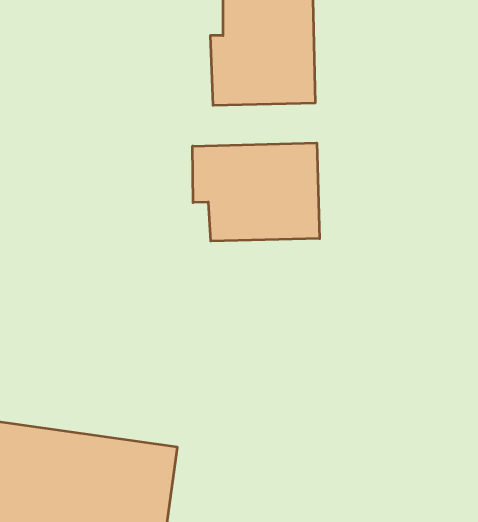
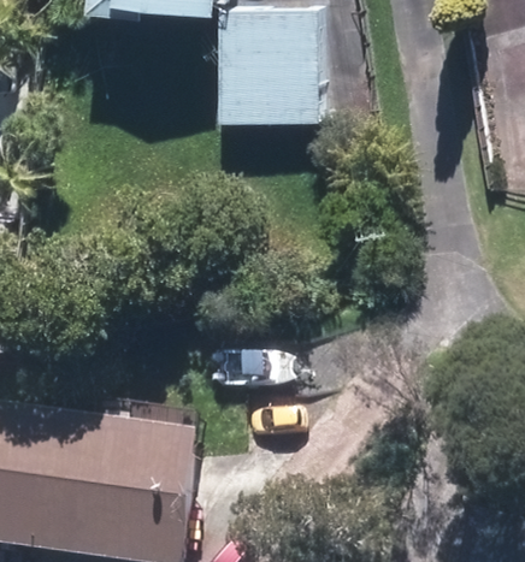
building: [193,143,320,241] -> none

